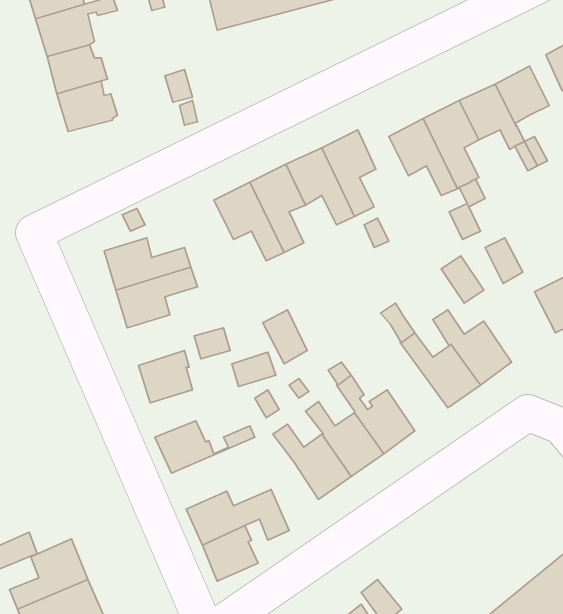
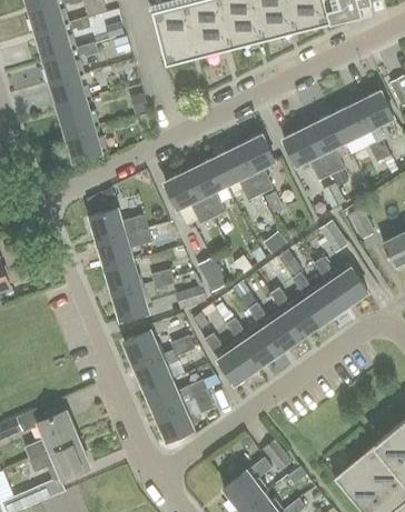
building: none -> [65,128,106,162]
building: none -> [105,260,144,294]
building: none -> [269,288,323,339]
building: none -> [135,343,194,392]

